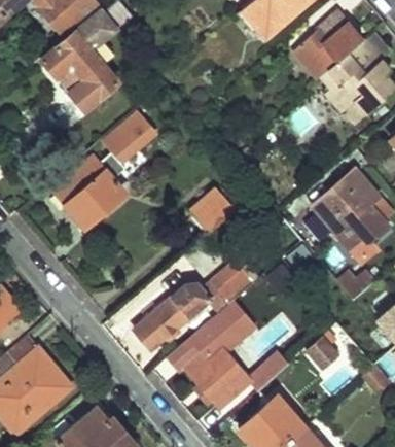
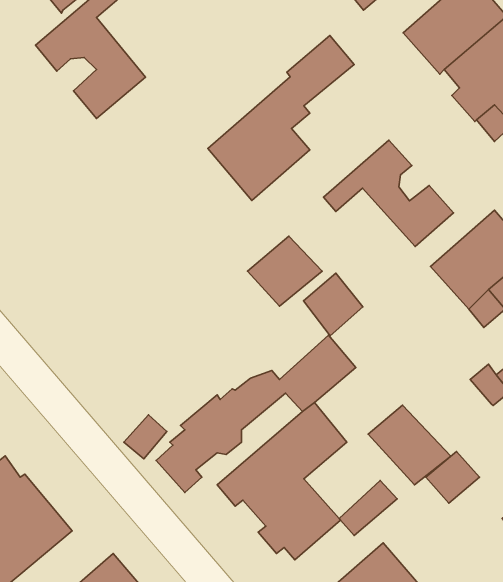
building: [55,113,153,225] -> [208,35,354,200]
building: none -> [324,140,453,247]
building: none -> [304,273,363,336]
building: none -> [368,405,451,485]

